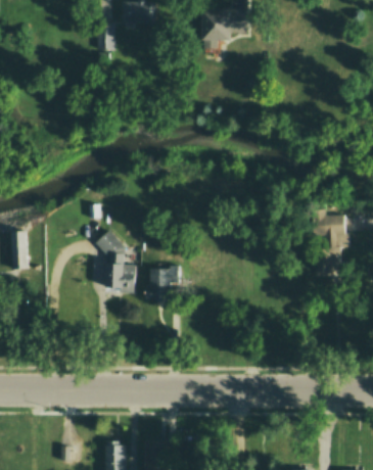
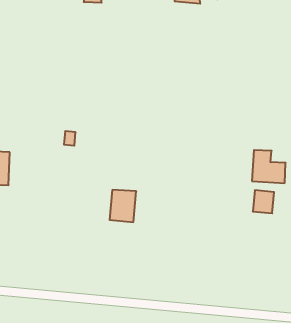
building: [96,231,137,289] -> none

